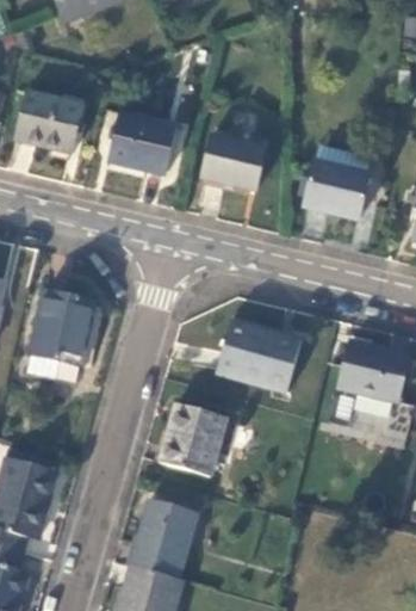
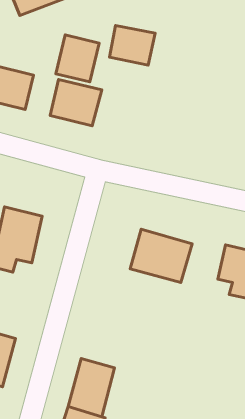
building: none -> [56,35,99,82]
building: [203,134,266,189] -> [109,25,155,65]
building: [300,159,370,222] -> none
building: [159,402,226,476] -> none

